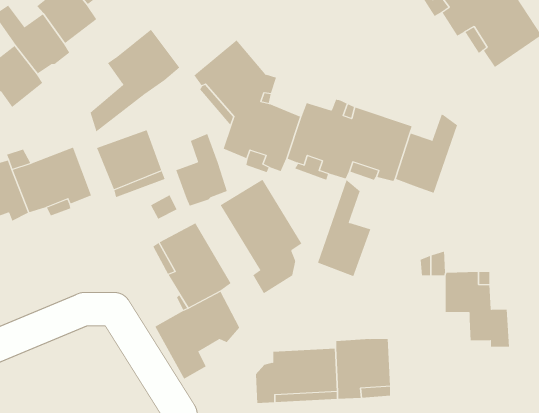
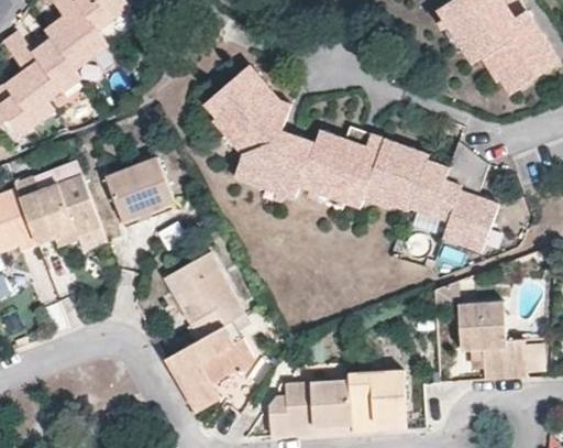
building: [90,29,180,133] -> none
building: [175,133,227,207] -> none
building: [220,179,302,294] -> none
building: [317,179,371,277] -> [443,152,498,251]

